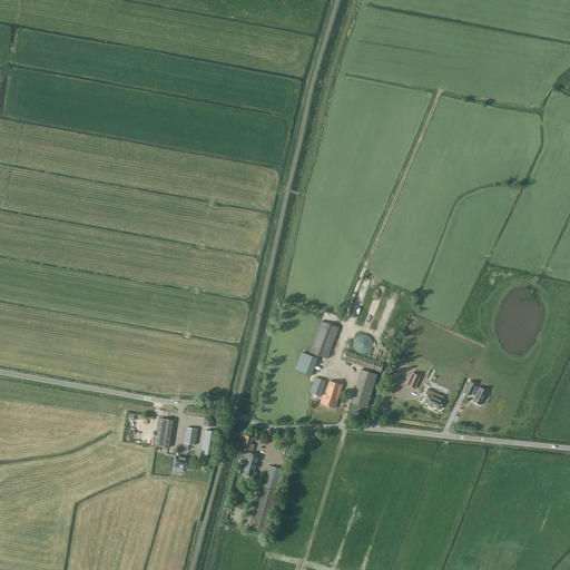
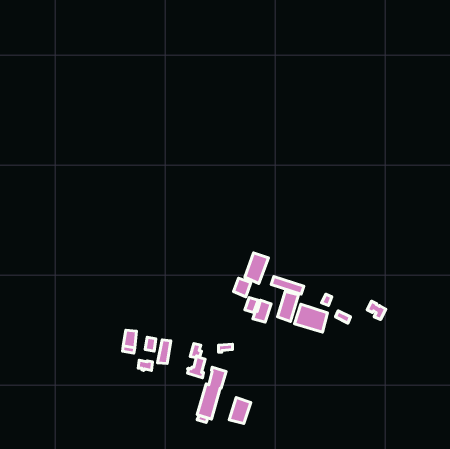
building: none -> [295,304,327,332]
building: none -> [229,398,251,424]

